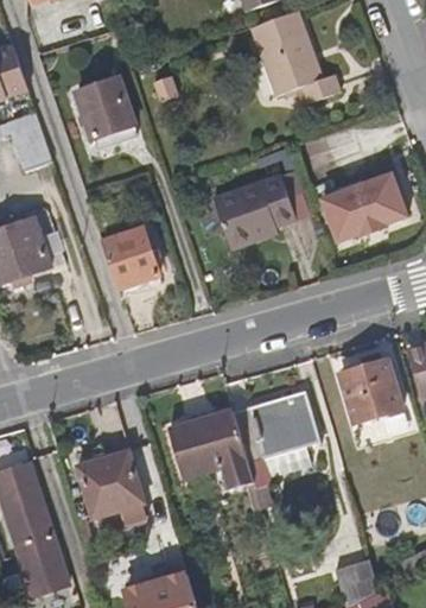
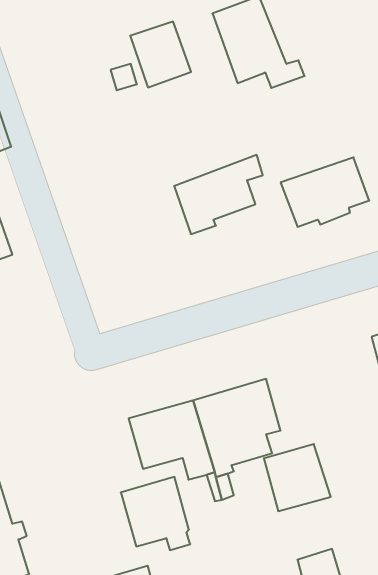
building: [75,75,135,140] -> [130,22,191,87]
building: [101,227,160,290] -> none
building: [337,357,403,424] -> [264,444,331,511]
building: [76,450,145,522] -> [121,477,190,550]

